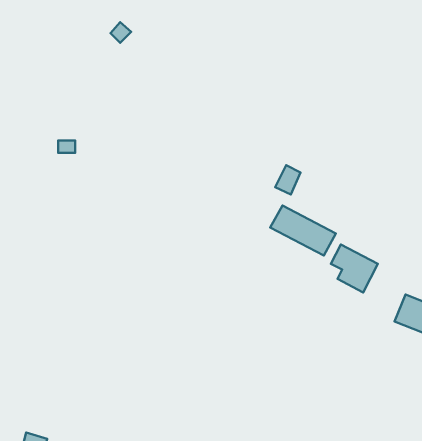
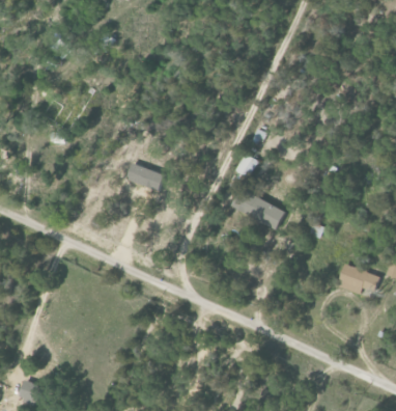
building: none -> [126,165,164,190]
building: [331,245,378,292] -> none

